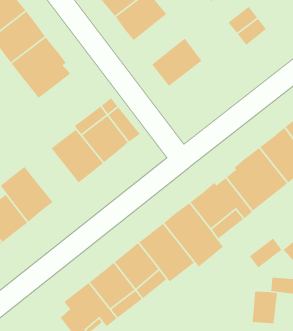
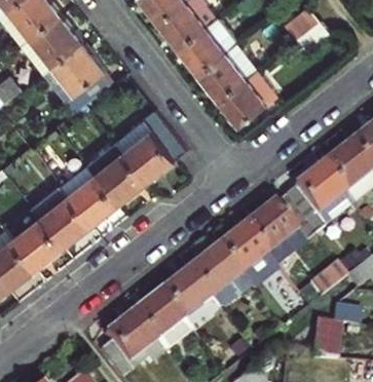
building: none -> [178,18,234,74]
building: none -> [217,70,276,126]
building: none -> [58,164,117,226]

